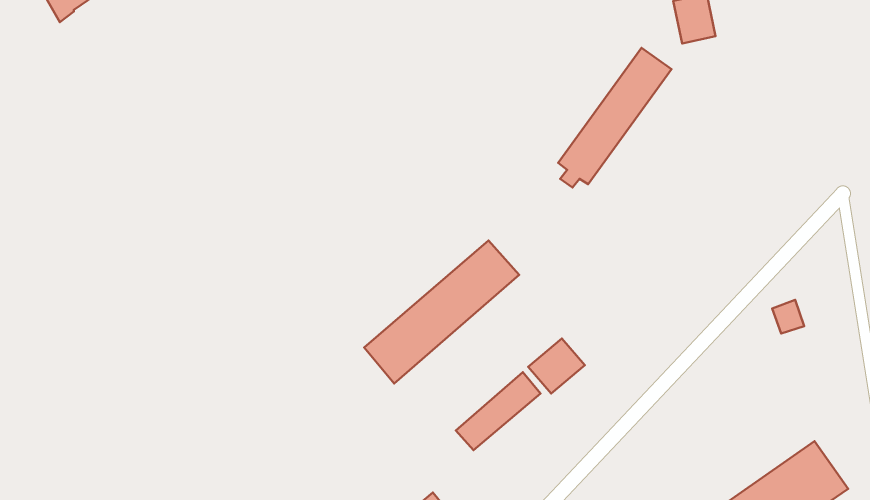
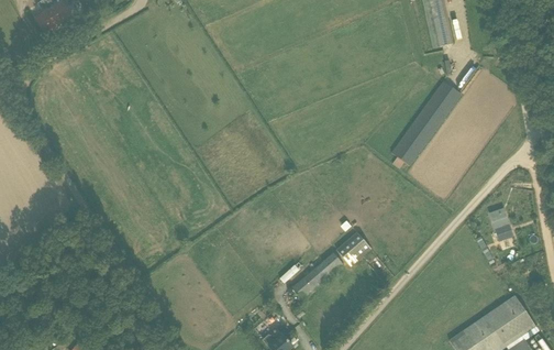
building: [558,48,671,188] -> [391,80,462,167]
building: [364,241,519,384] -> none

